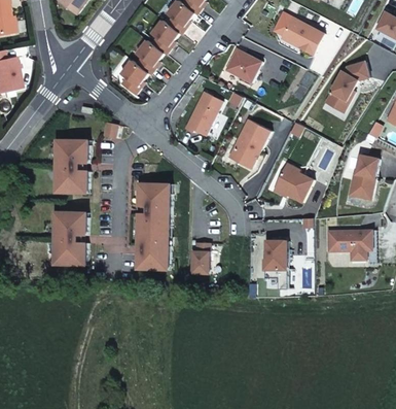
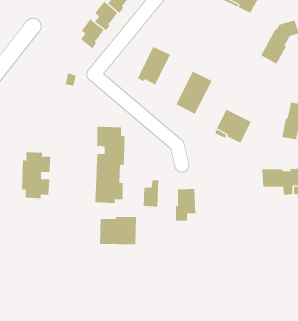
building: [225,48,261,82] -> none
building: [55,139,88,193] -> none
building: [263,240,287,277] -> [175,188,196,221]
building: none -> [99,216,137,245]

